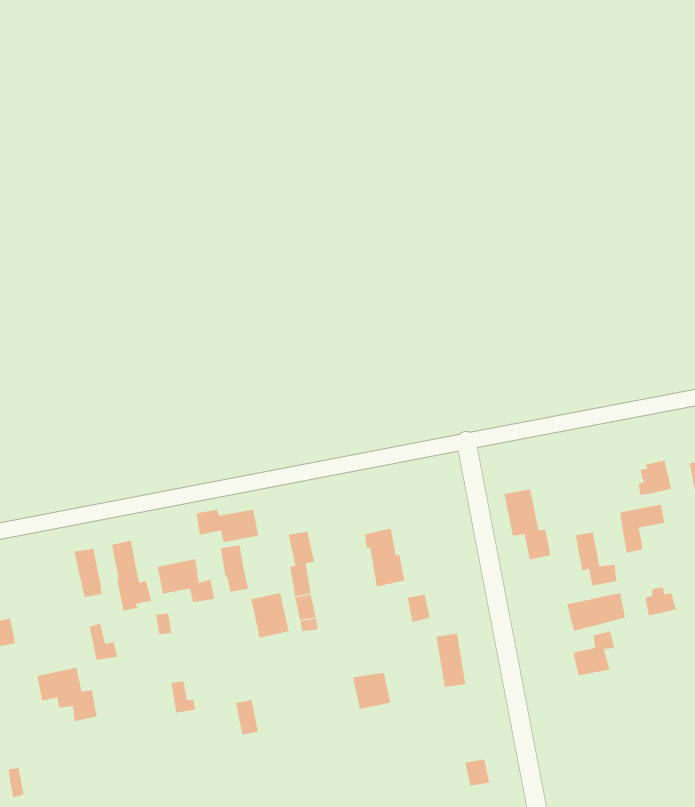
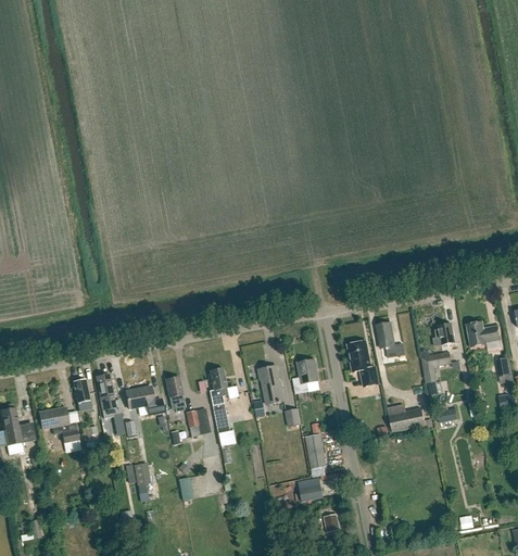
building: [196,509,259,543] -> none
building: none -> [292,357,318,392]
building: [575,532,617,586] -> [377,321,404,356]
building: [573,631,615,676] -> none
building: [36,667,98,722] -> [39,406,78,441]
building: [352,672,391,710] -> [298,476,323,500]

